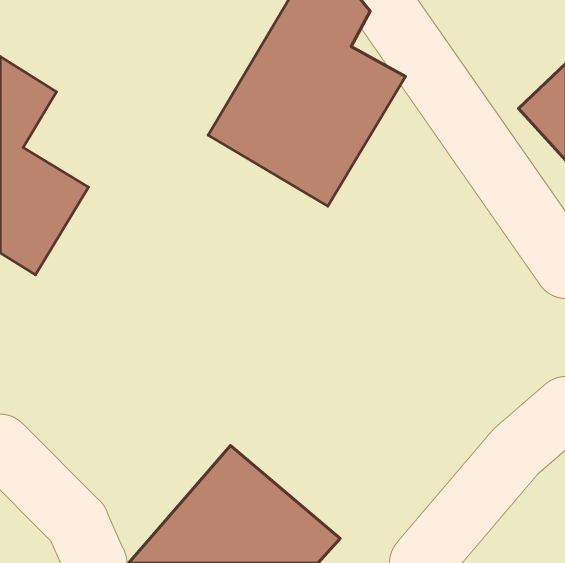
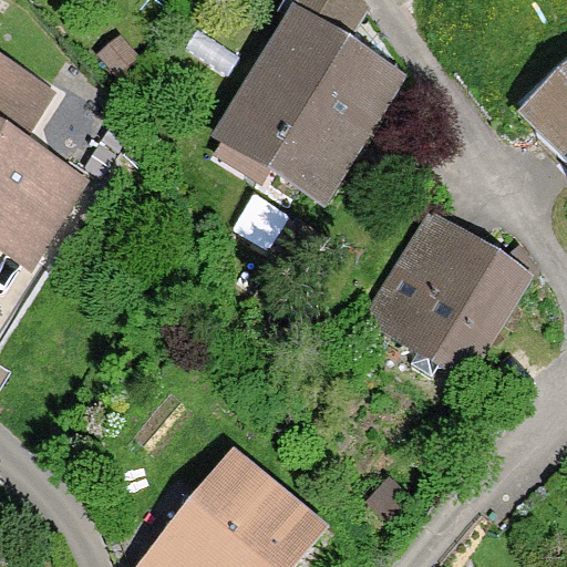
building: none -> [362,210,537,383]

